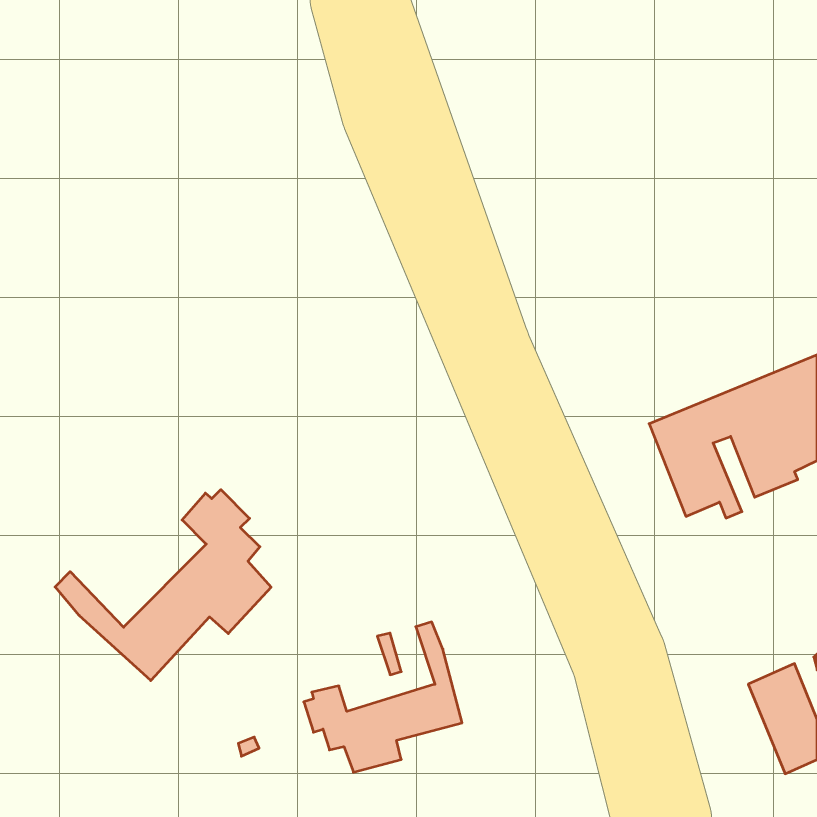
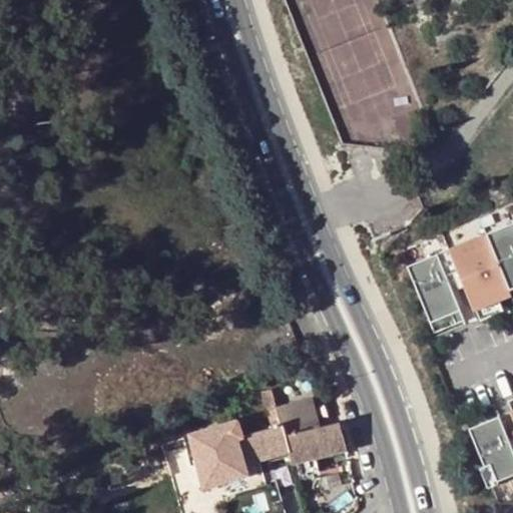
building: [55,490,271,681] -> none
building: none -> [278,399,347,479]

